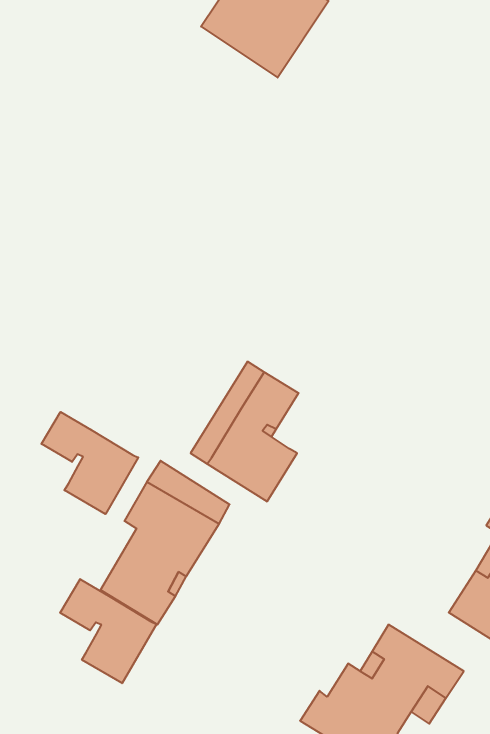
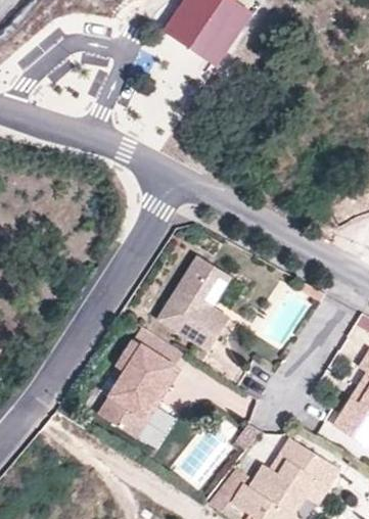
building: [41,412,138,514] -> none
building: [60,579,157,683] -> none

